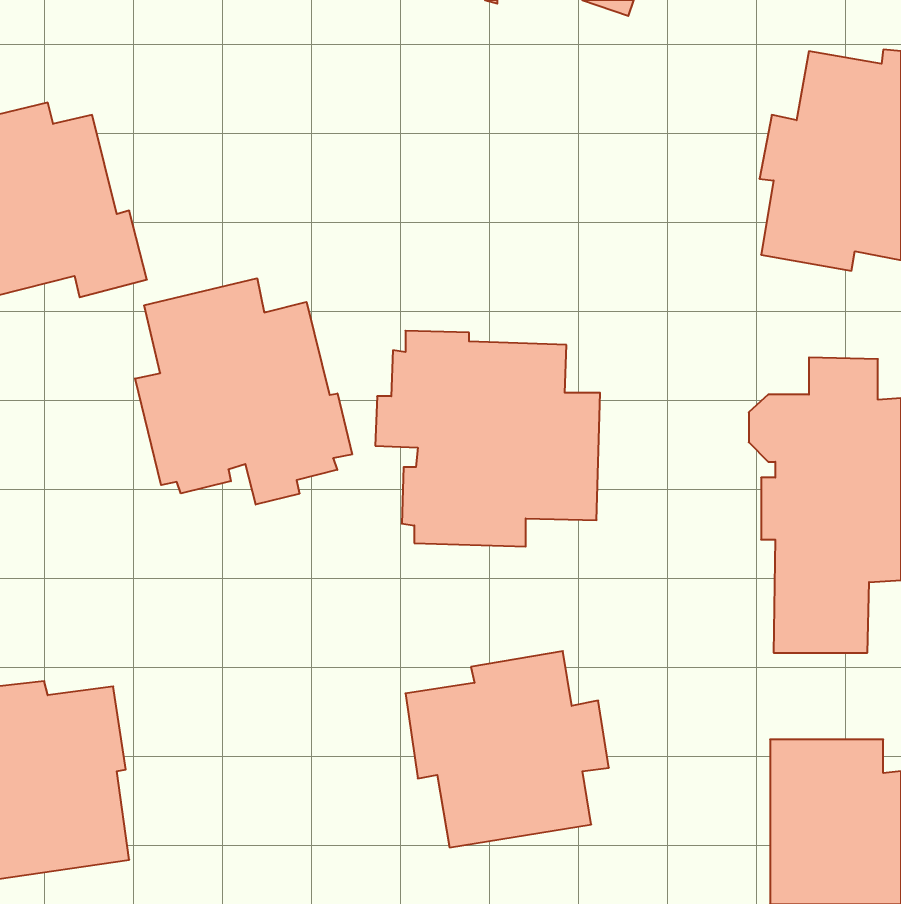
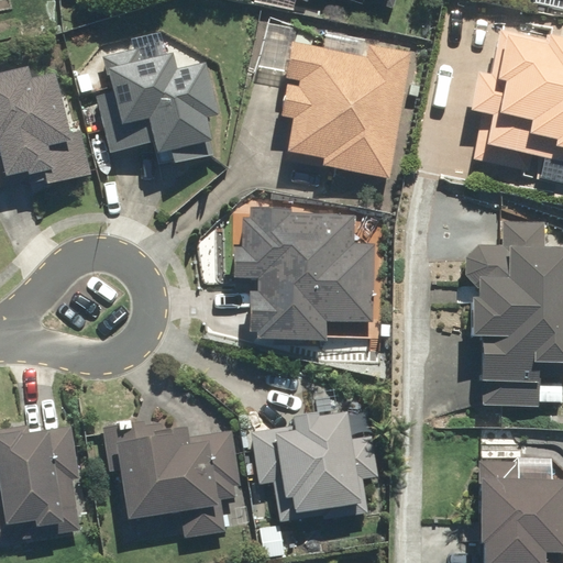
building: none -> [282,44,410,178]
building: none -> [96,48,221,167]
building: [135,278,352,505] -> none
building: none -> [101,420,241,538]

